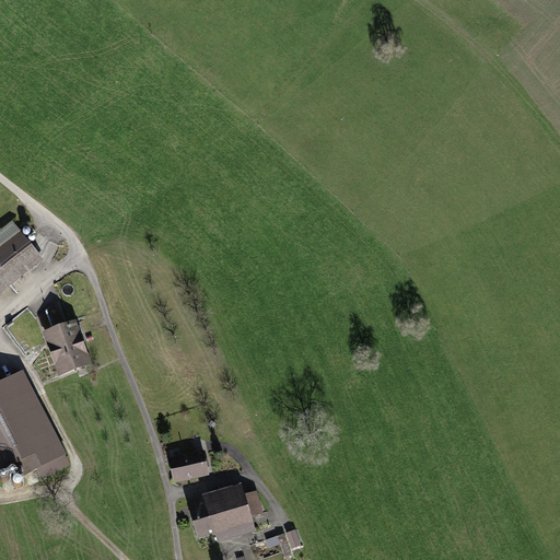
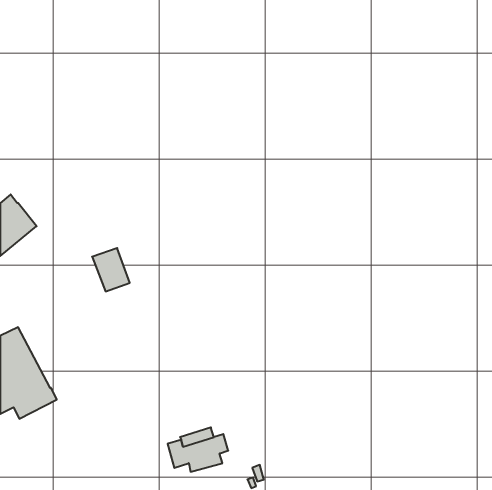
building: [46,323,89,372] -> [92,248,130,291]
building: [172,452,207,479] -> none

